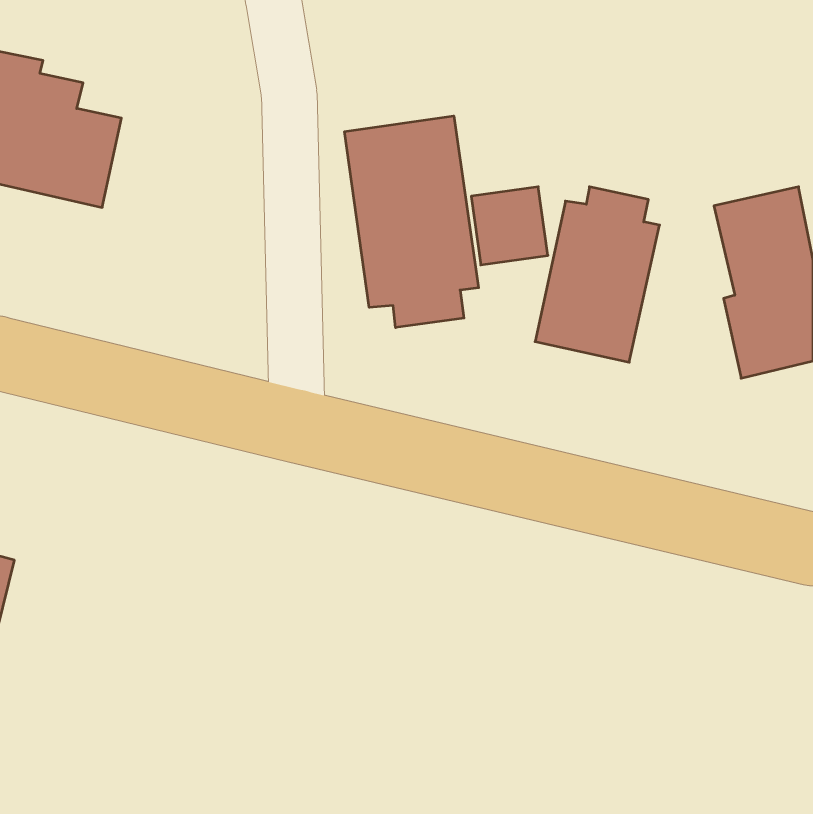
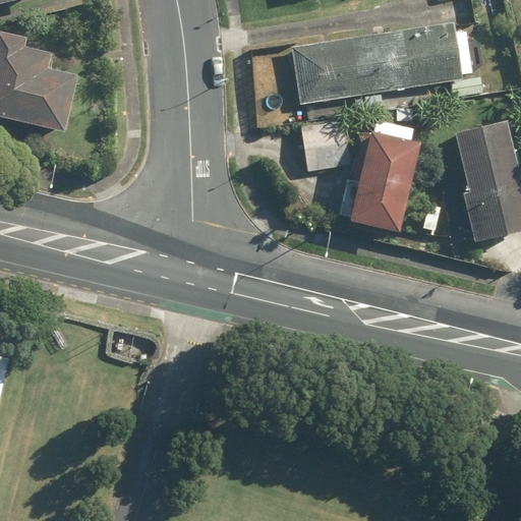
building: none -> [291,22,483,111]
building: [345,116,479,328] -> none

